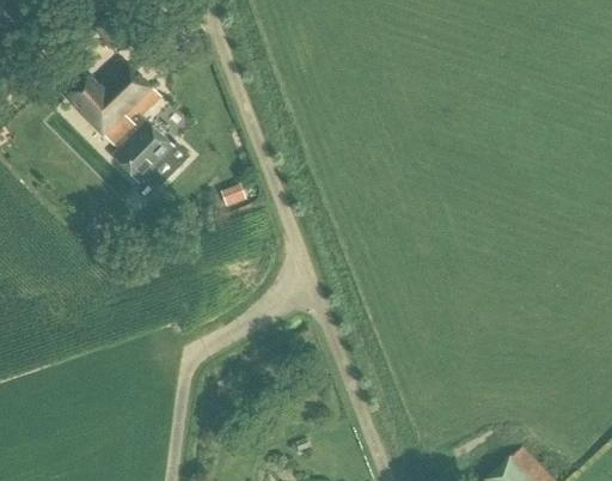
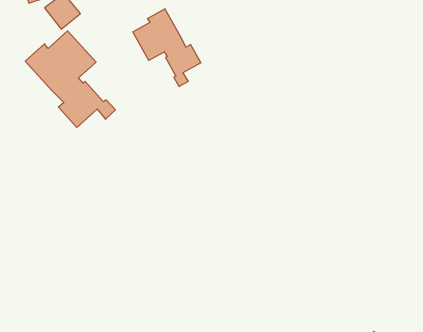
building: none -> [133,9,201,87]

